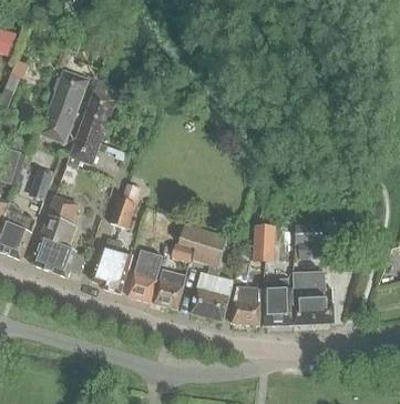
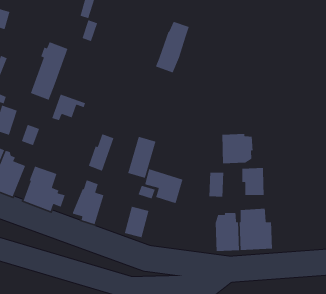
building: [76,78,119,141] -> [155,21,190,73]
building: none -> [221,133,253,164]
building: [45,193,78,230] -> none
building: [127,249,163,301] -> [127,136,157,179]
building: [188,272,232,320] -> none
building: [229,284,260,323] -> none

